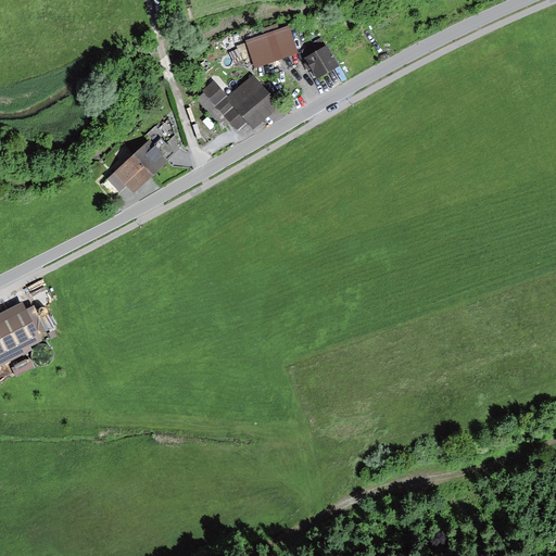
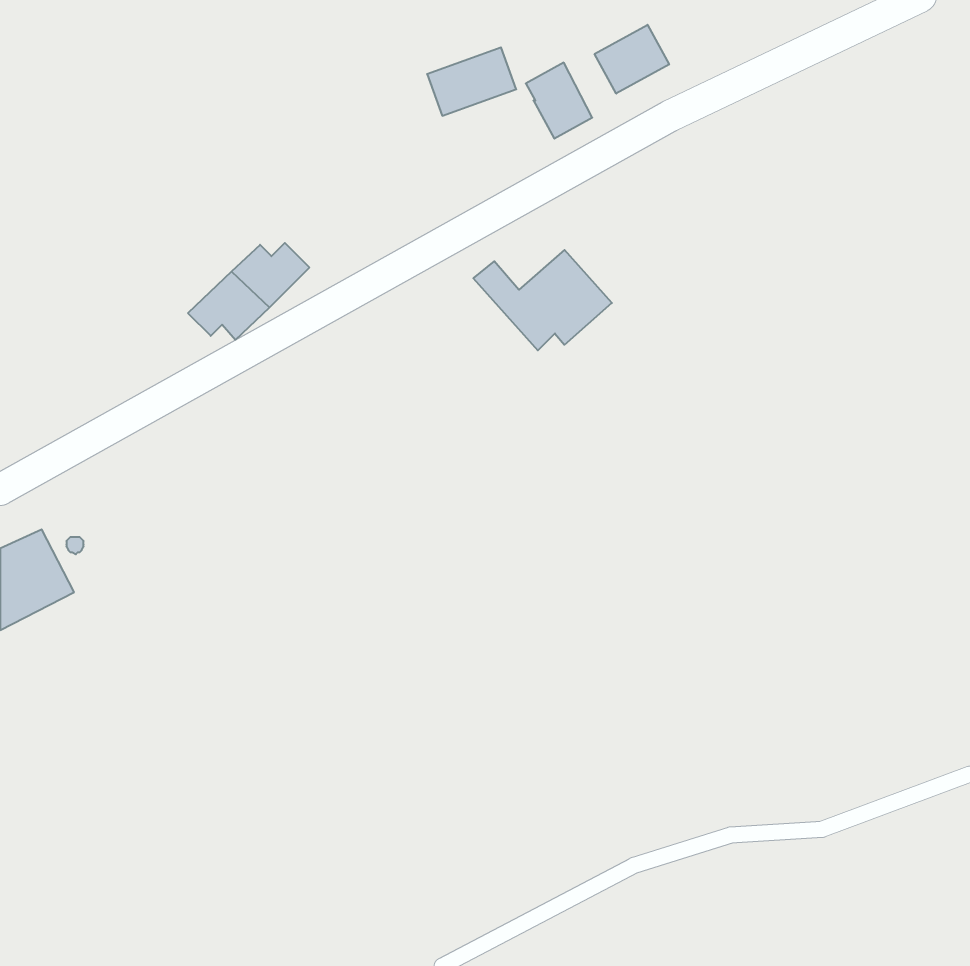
building: none -> [595,25,669,94]
building: [200,74,279,131] -> [473,250,612,350]

